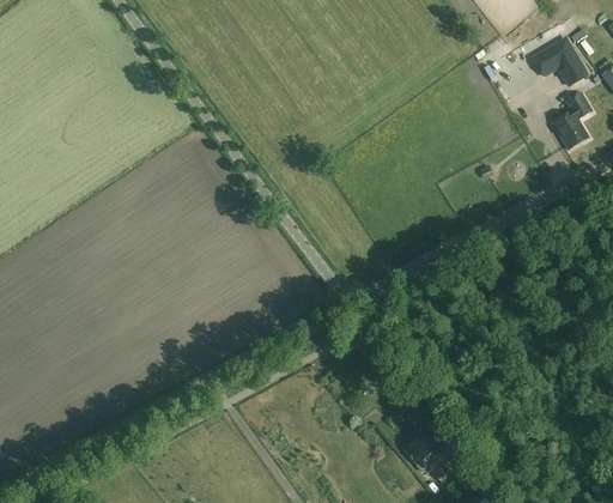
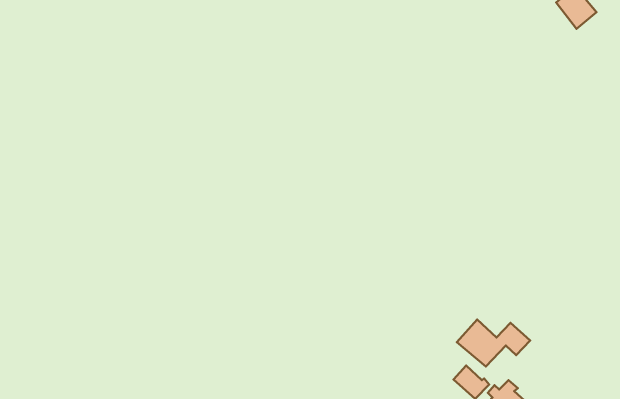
building: none -> [457,320,530,367]

